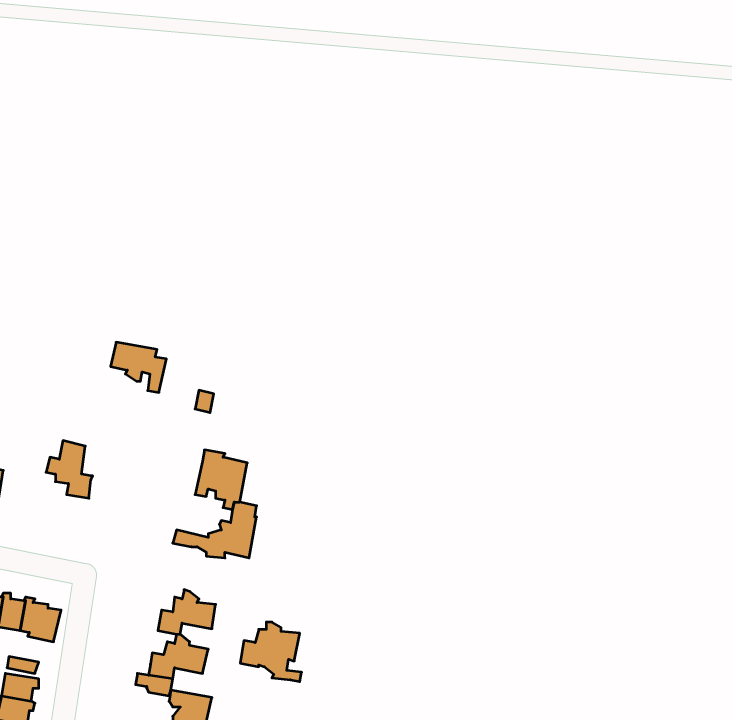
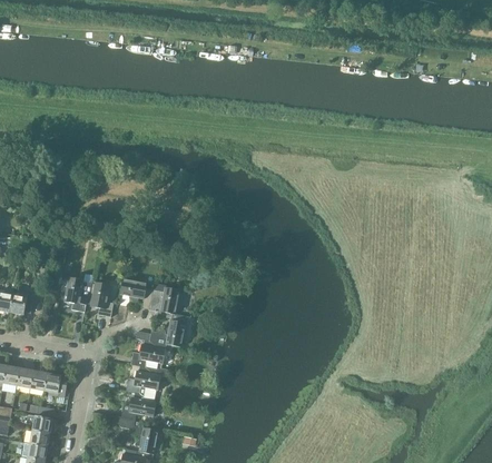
building: [111,342,166,392] -> [119,278,152,308]
building: none -> [86,282,114,316]
building: [240,622,302,682] -> [130,339,167,375]

